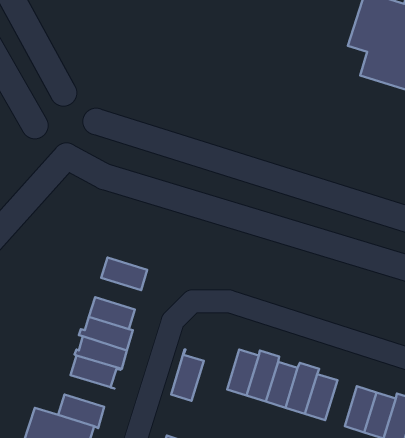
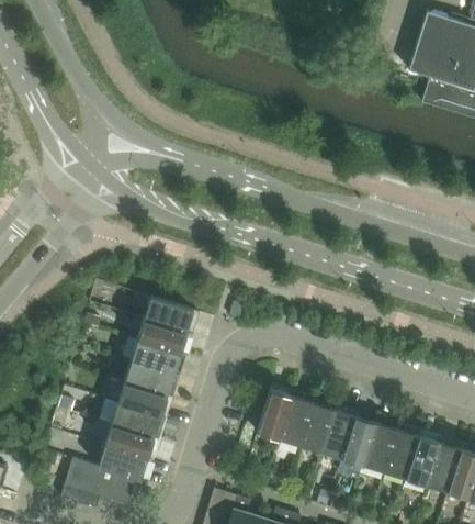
building: none -> [137,320,186,354]
building: [171,350,204,401] -> [257,384,292,439]
building: none -> [104,424,158,458]
building: none -> [384,430,418,479]

